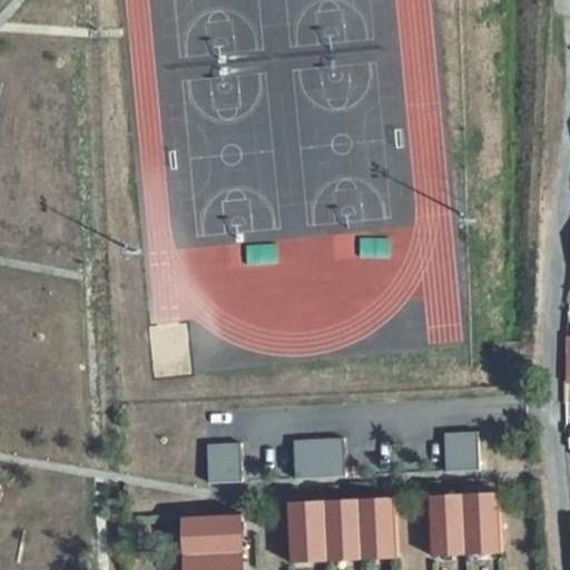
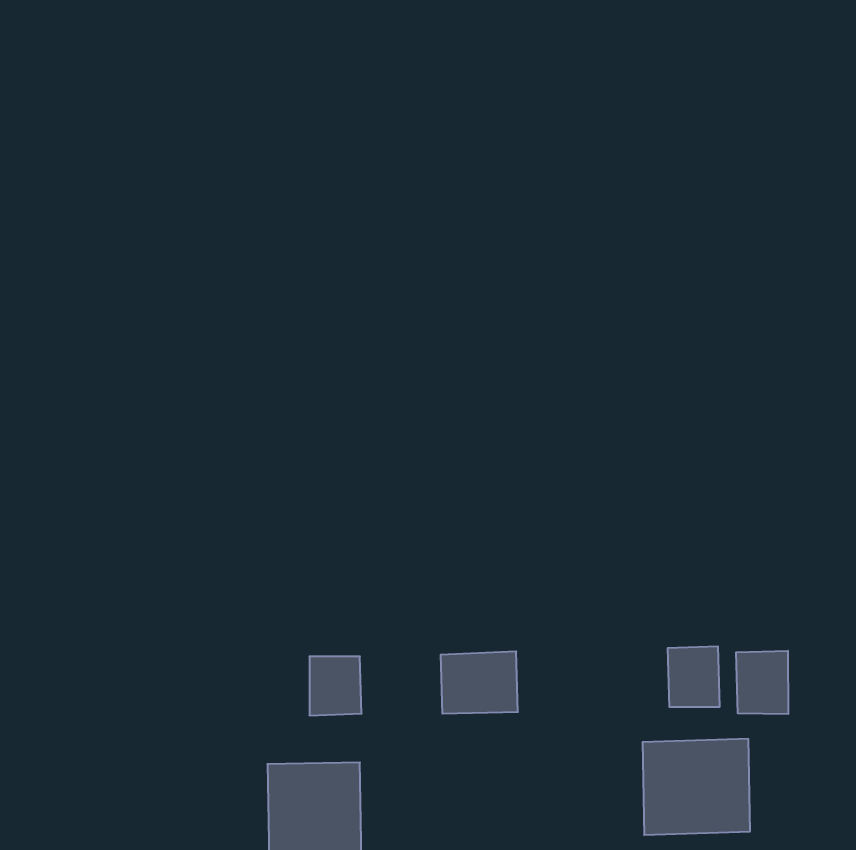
building: none -> [736,651,788,714]
building: [286,498,395,561] -> none

